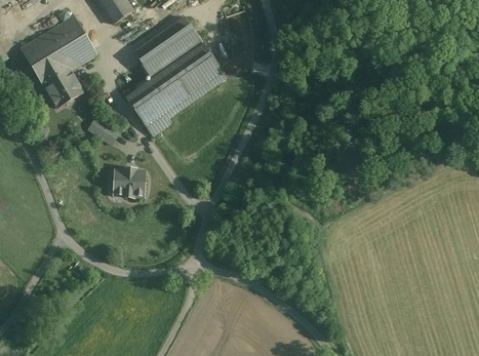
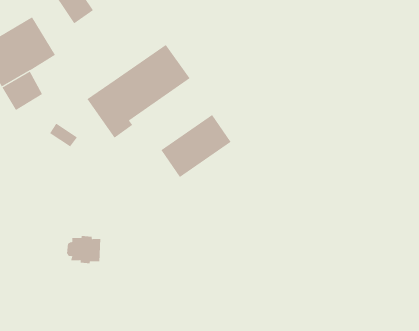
building: [134,16,203,78] -> [160,114,232,178]
building: [111,168,145,196] -> [66,235,101,264]

